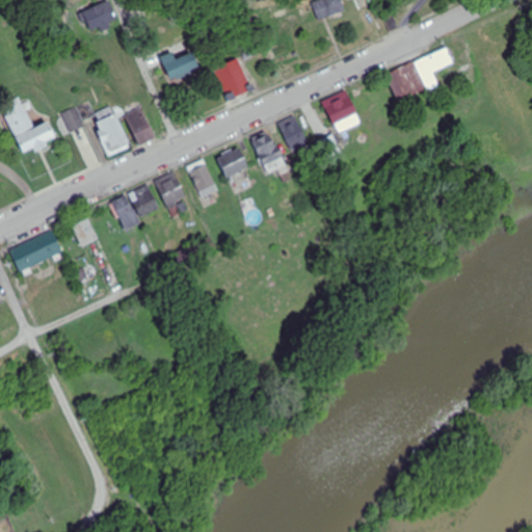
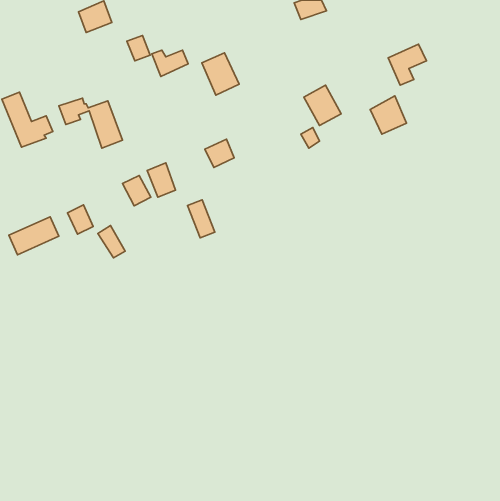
building: none -> [127,36,150,61]
building: [385,61,424,102] -> [370,96,406,134]
building: [127,108,155,145] -> none
building: [278,115,310,156] -> none
building: [251,132,287,177] -> none
building: [188,159,217,200] -> [188,200,215,238]
building: [111,195,140,230] -> [98,226,125,258]

